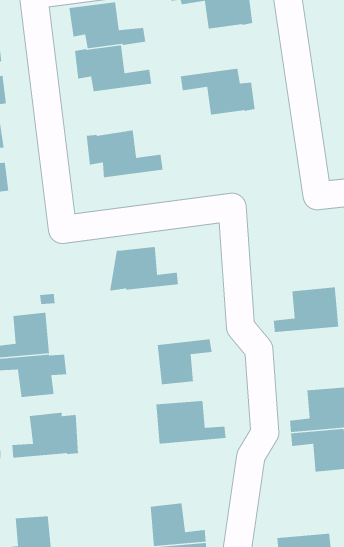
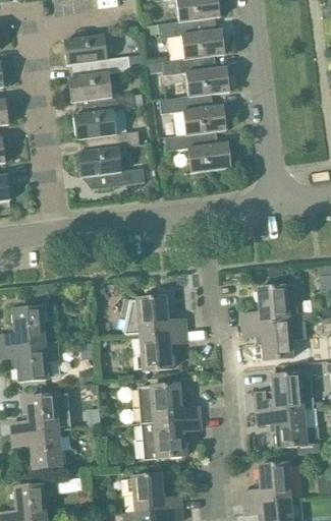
building: none -> [149,55,229,96]
building: none -> [72,110,140,152]
building: none -> [164,130,231,173]
building: [109,246,179,292] -> [125,296,186,336]
building: none -> [242,321,293,359]
building: none -> [142,417,202,458]
building: none -> [13,430,64,468]
building: none -> [243,463,291,504]

